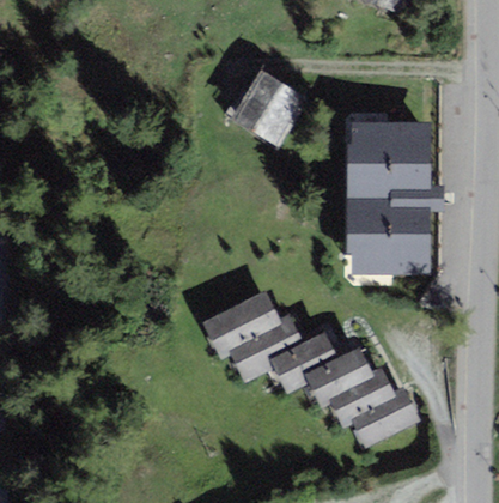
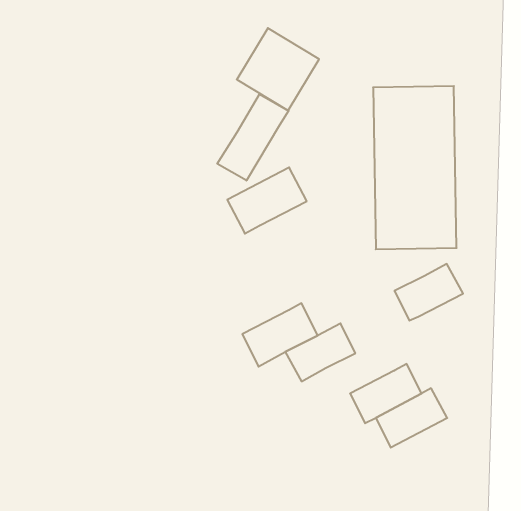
building: none -> [217,94,289,181]
building: [207,293,278,352] -> [227,167,307,234]
building: [310,351,371,401] -> [394,264,463,321]

